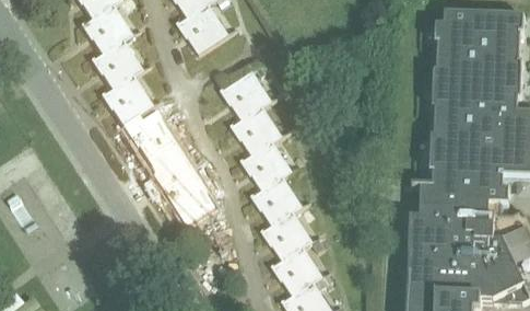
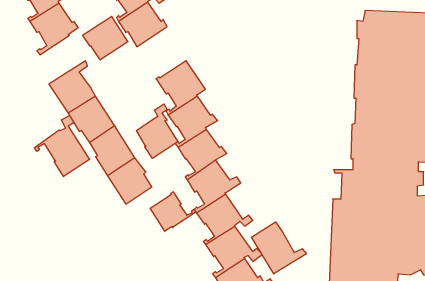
building: [93,42,142,89] -> [83,16,128,60]
building: none -> [136,104,178,158]
building: none -> [34,116,90,177]
building: none -> [150,192,196,231]
building: none -> [251,222,306,274]

